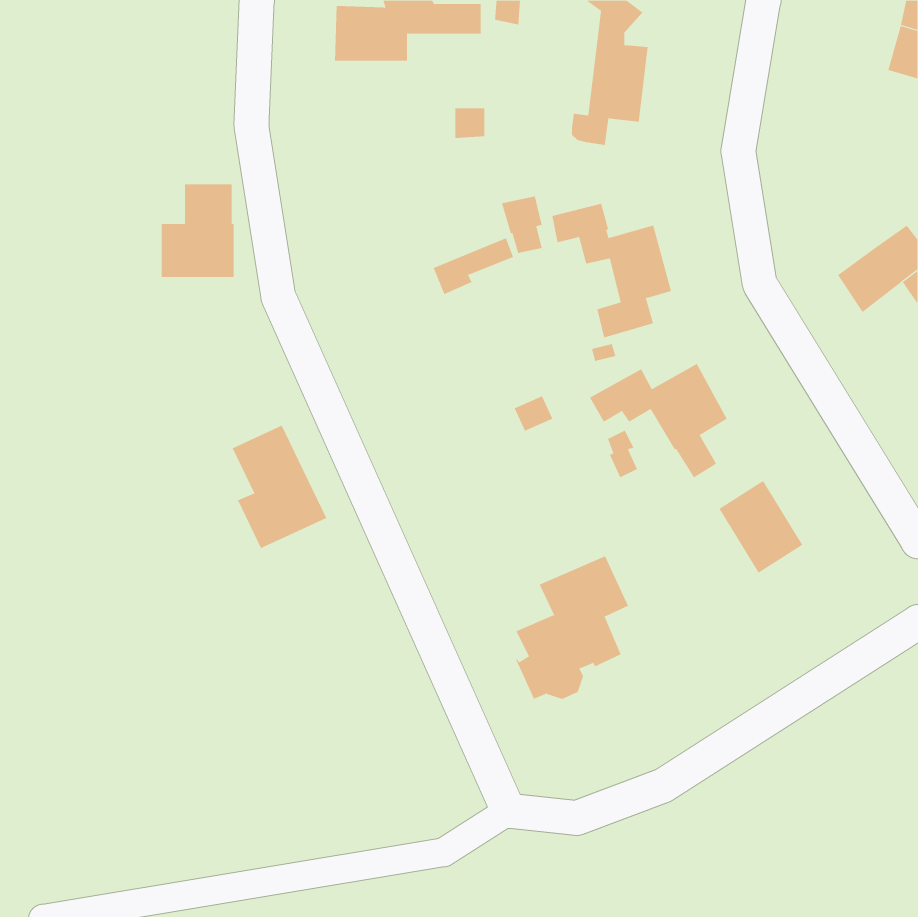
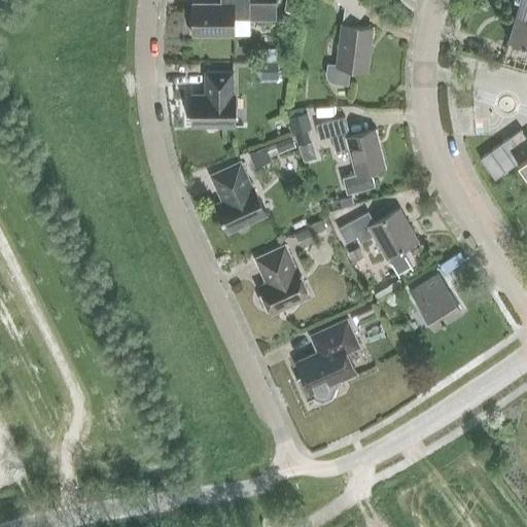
building: [161,184,234,277] -> [191,73,234,127]
building: [232,425,327,549] -> [211,162,266,233]
building: none -> [256,245,309,315]

